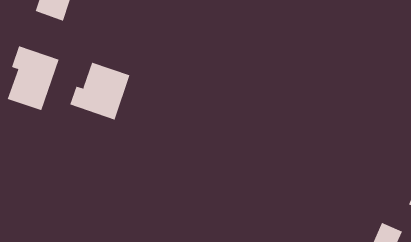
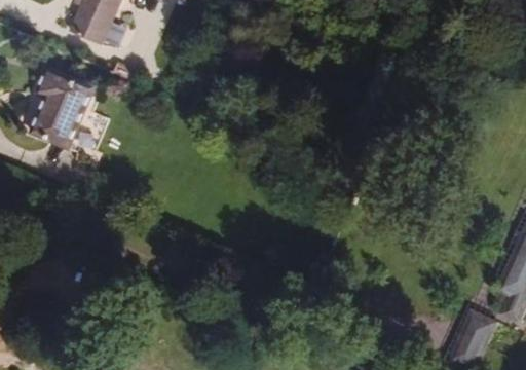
building: [69,62,130,120] -> none

